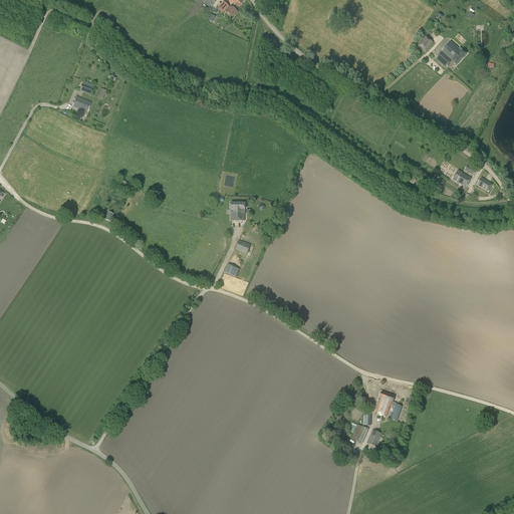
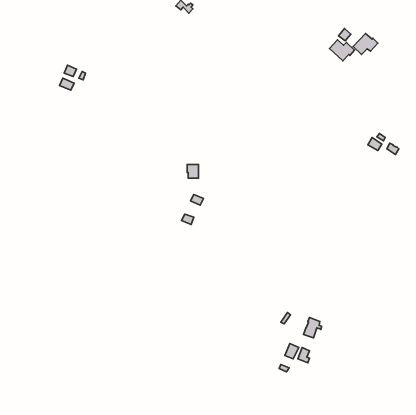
building: none -> [330,40,354,61]

